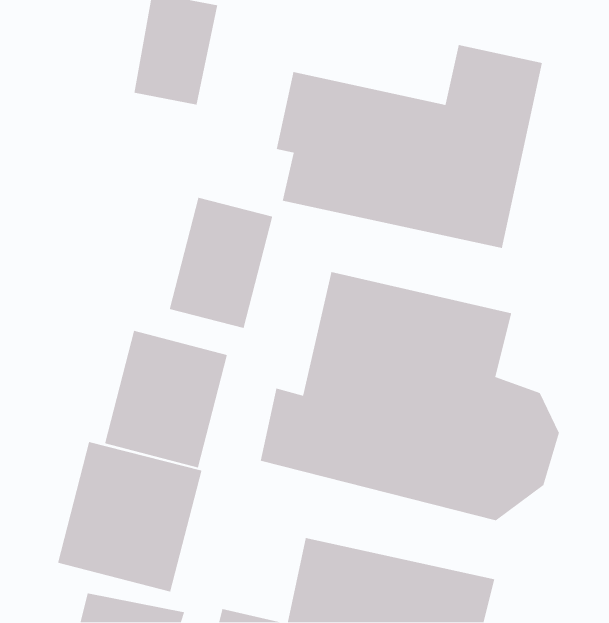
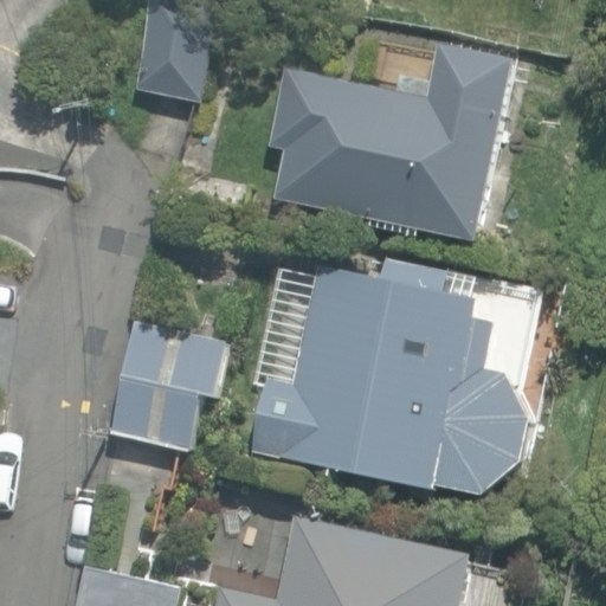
building: [169,197,273,329] -> none
building: [57,441,202,593] -> none

